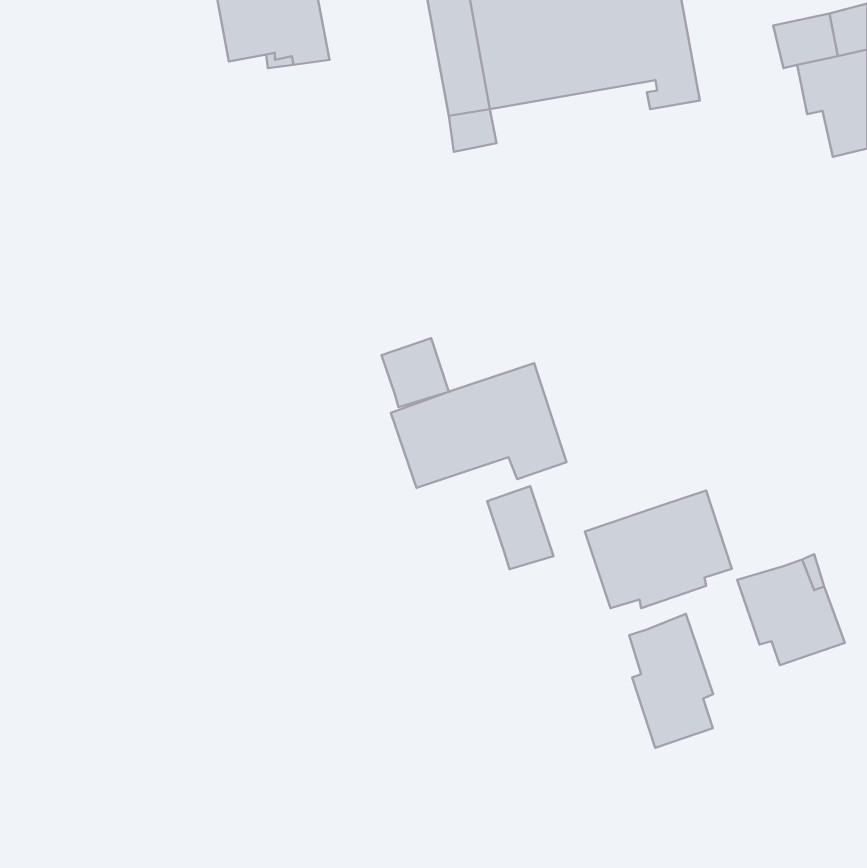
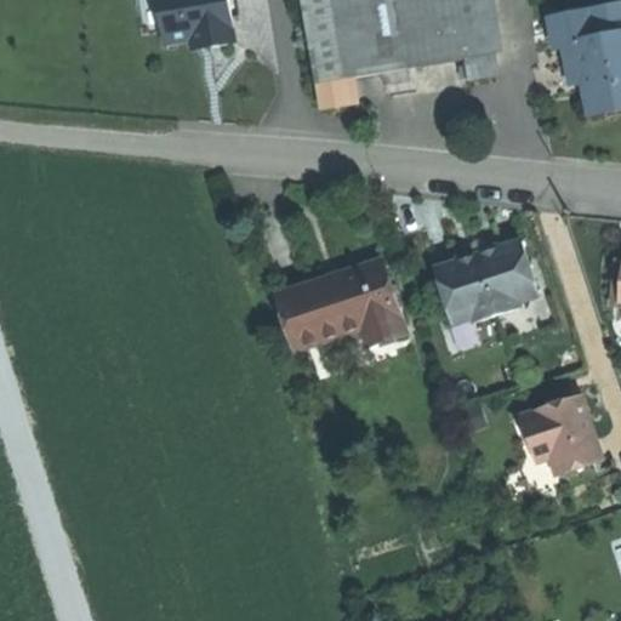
building: [382,338,449,407] -> none
building: [487,486,553,569] -> none
building: [585,490,732,608] -> [432,238,536,321]
building: [629,614,713,748] -> none

